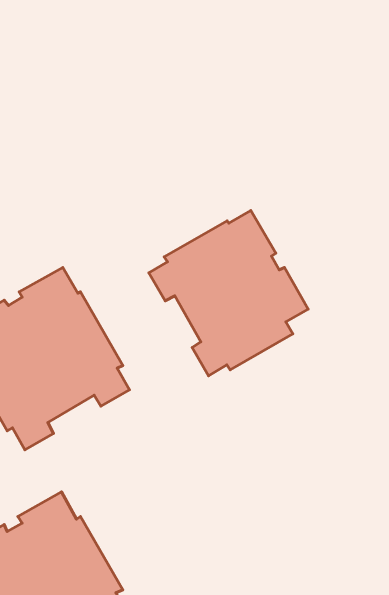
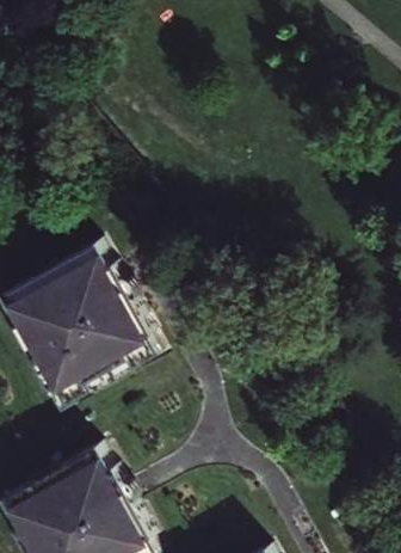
building: [149,211,308,376] -> none

